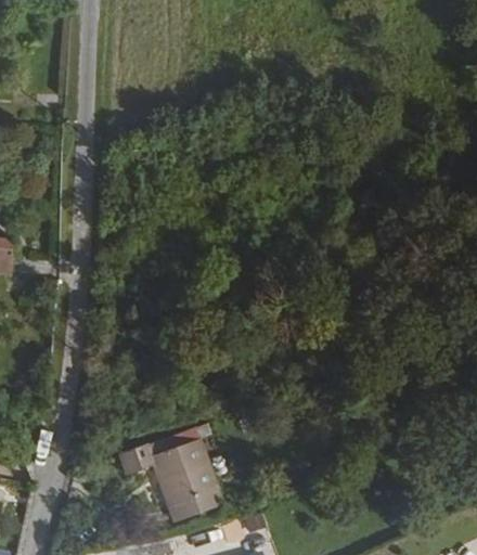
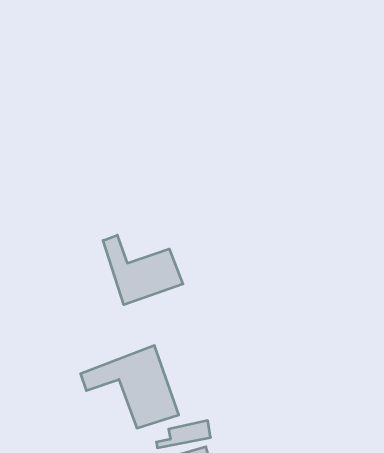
building: none -> [103,235,183,305]

